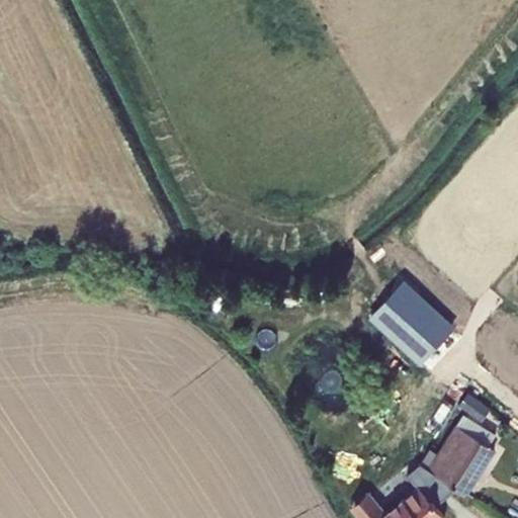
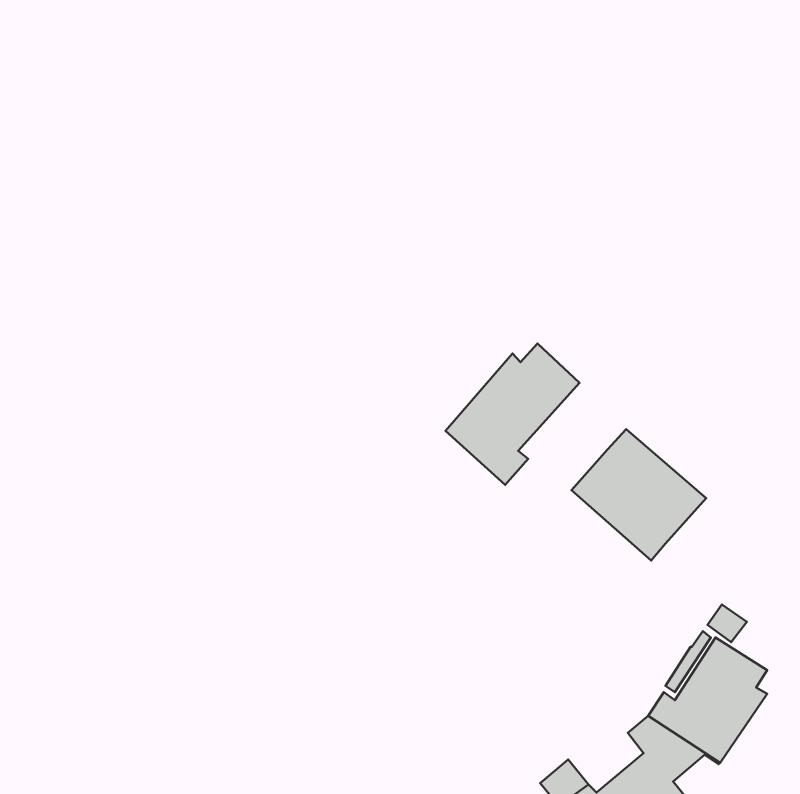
building: none -> [446,344,579,485]

